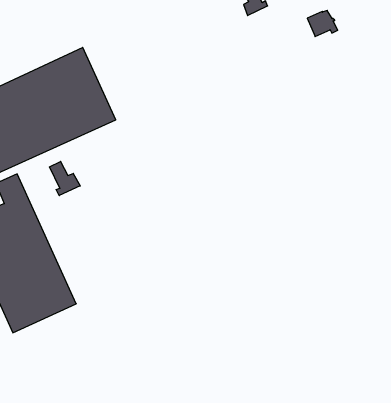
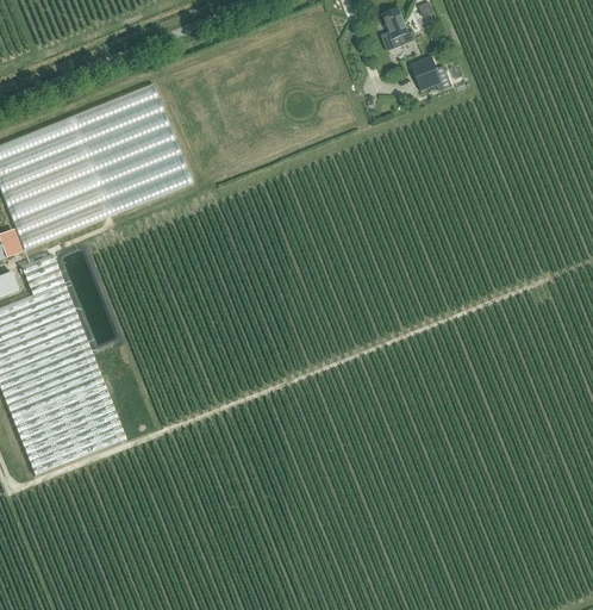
building: [307,10,338,37] -> [410,54,451,89]
building: [50,161,80,196] -> none

